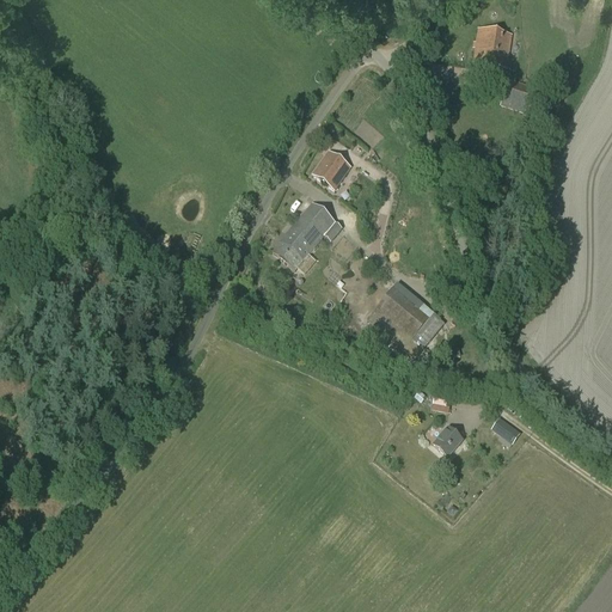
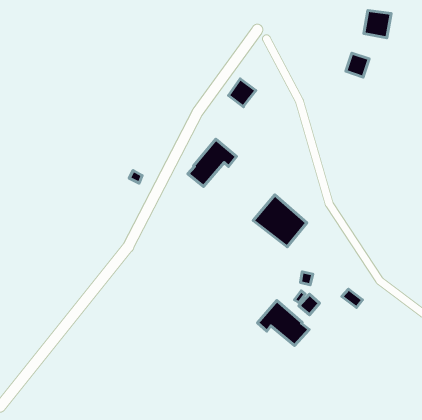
building: [473,26,513,66] -> [364,10,391,38]
building: [313,148,353,189] -> [229,79,256,107]
building: none -> [258,300,309,346]

